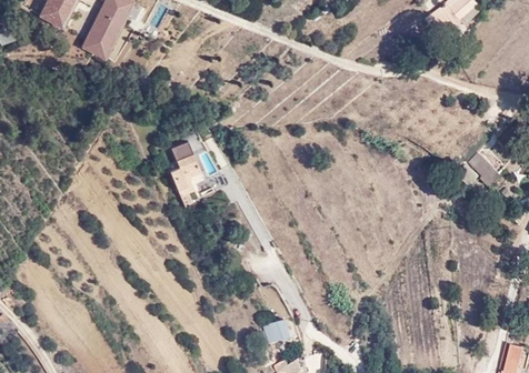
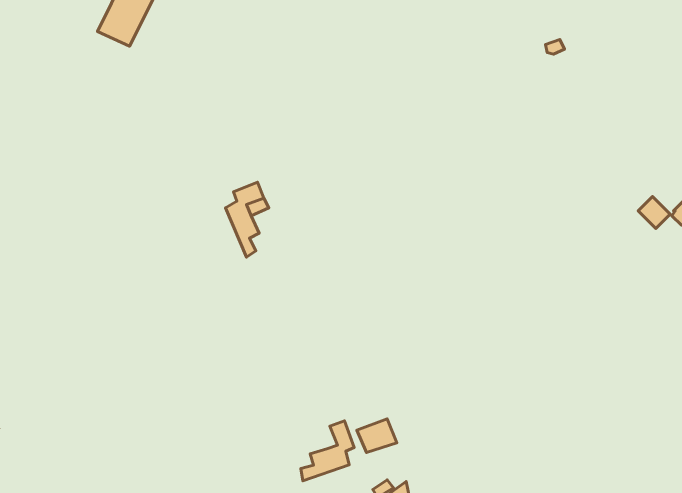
building: none -> [301,421,354,481]

